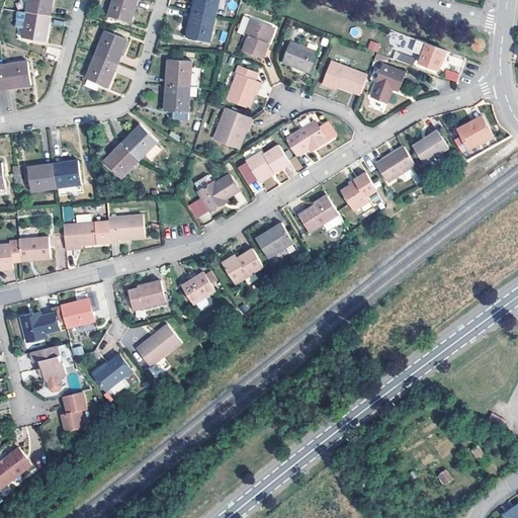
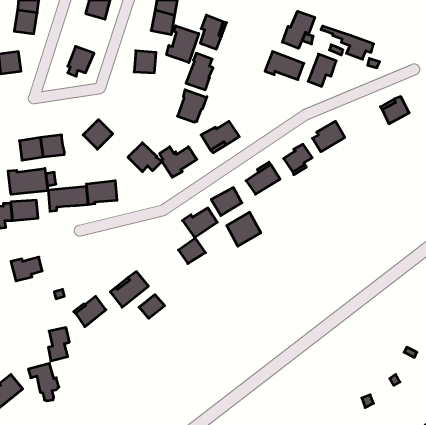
building: none -> [282,11,315,48]
building: none -> [167,26,199,63]
building: [94,32,125,64] -> none
building: [280,41,316,73] -> none
building: [163,86,188,120] -> none
building: [284,120,326,155] -> none
building: [121,125,162,160] -> [128,143,162,172]
building: [413,130,448,163] -> none
building: none -> [8,168,48,194]
building: none -> [227,212,261,246]
building: [183,272,215,303] -> [178,238,206,264]
building: [127,279,165,311] -> none
building: [59,298,92,328] -> none
building: [28,345,65,390] -> [28,363,59,401]
building: none -> [139,295,165,318]

